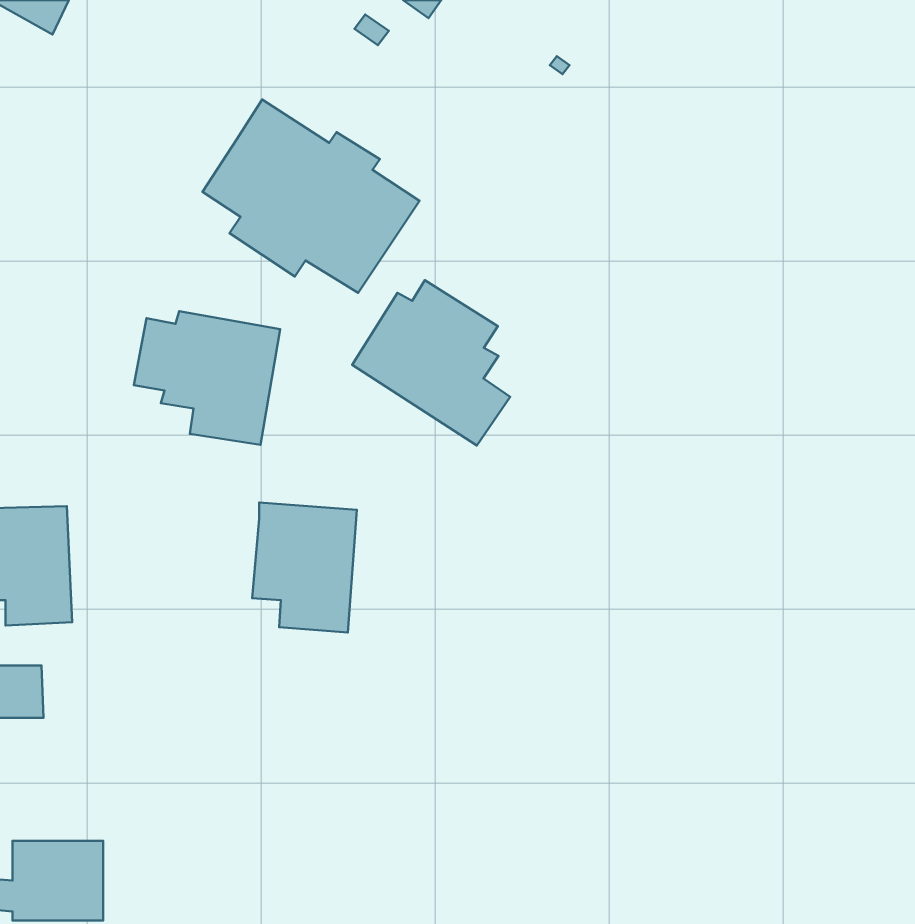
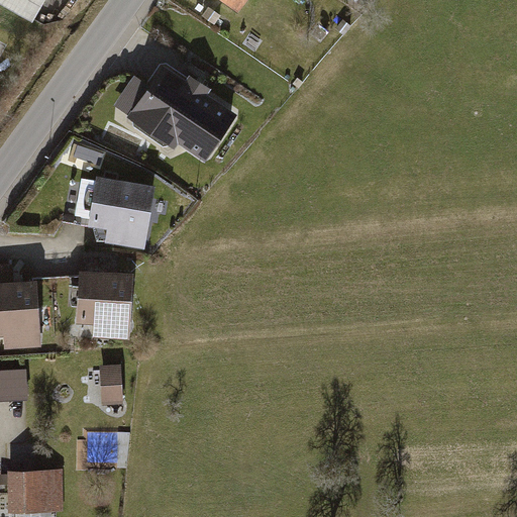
building: [352,280,510,445] -> none
building: [252,502,357,633] -> [79,269,137,341]
building: none -> [97,365,121,406]

